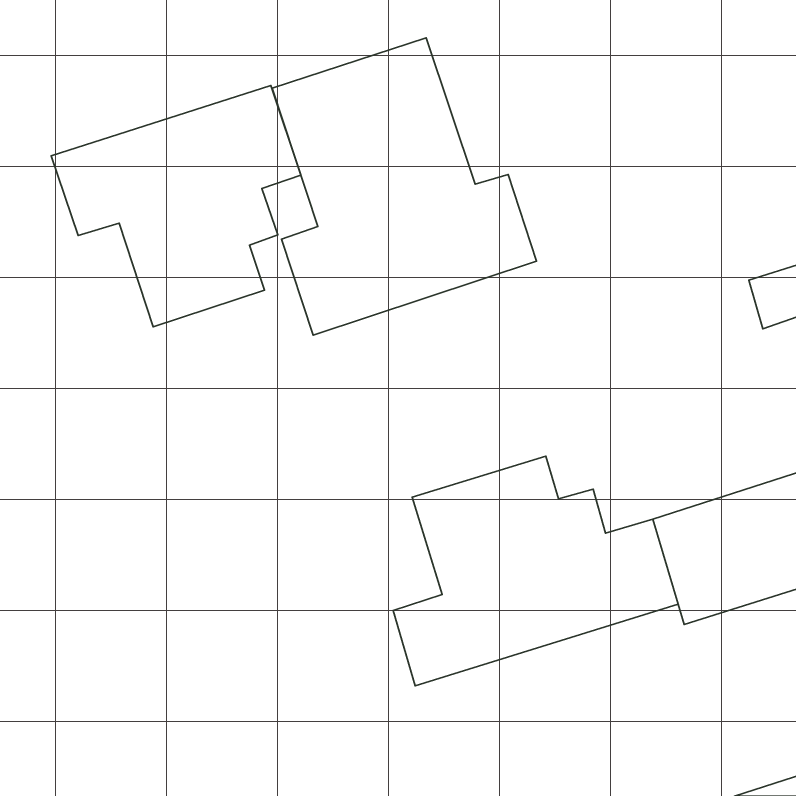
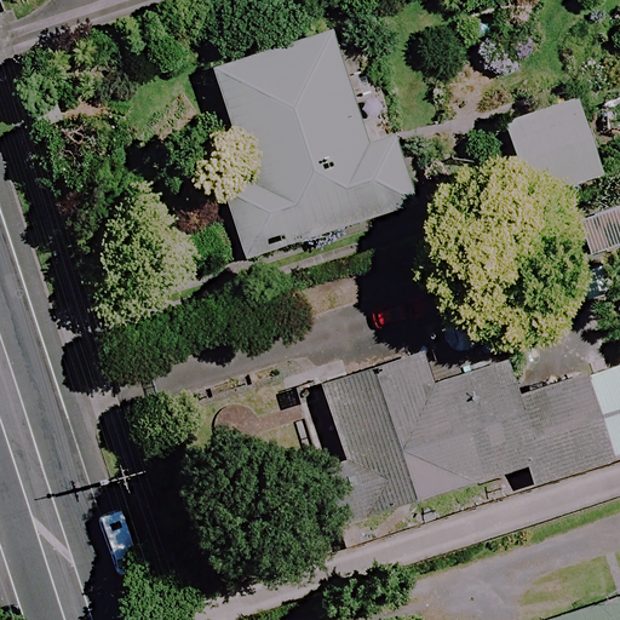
building: [51,85,301,327] -> none
building: none -> [507,97,607,196]

